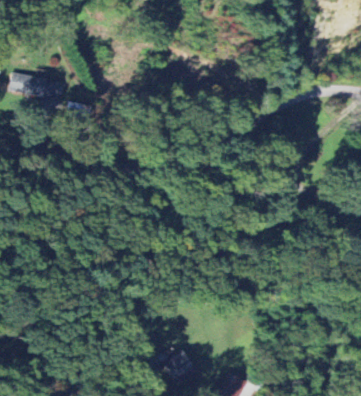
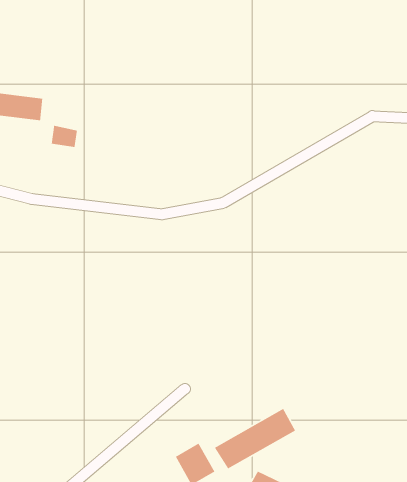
building: none -> [214,408,296,470]

